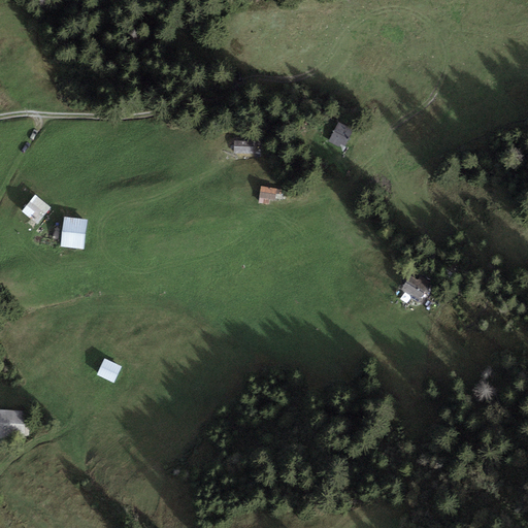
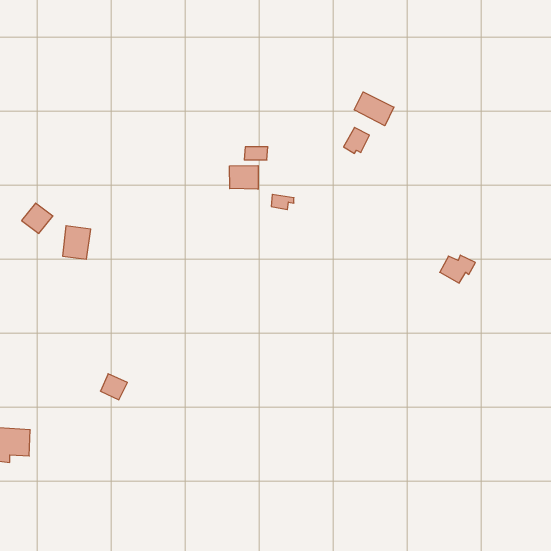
building: none -> [354,92,394,126]
building: none -> [230,166,258,189]
building: [399,275,433,302] -> [440,255,475,283]

